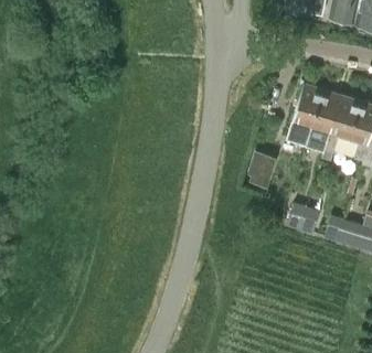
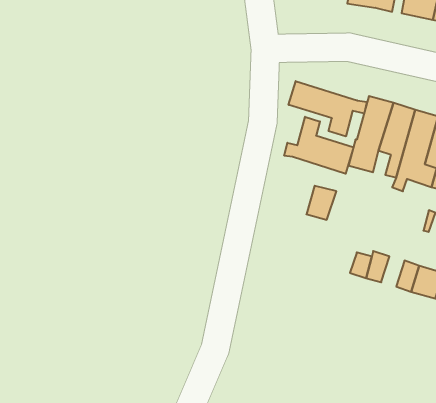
building: none -> [289,81,367,136]
building: none -> [284,117,353,174]

